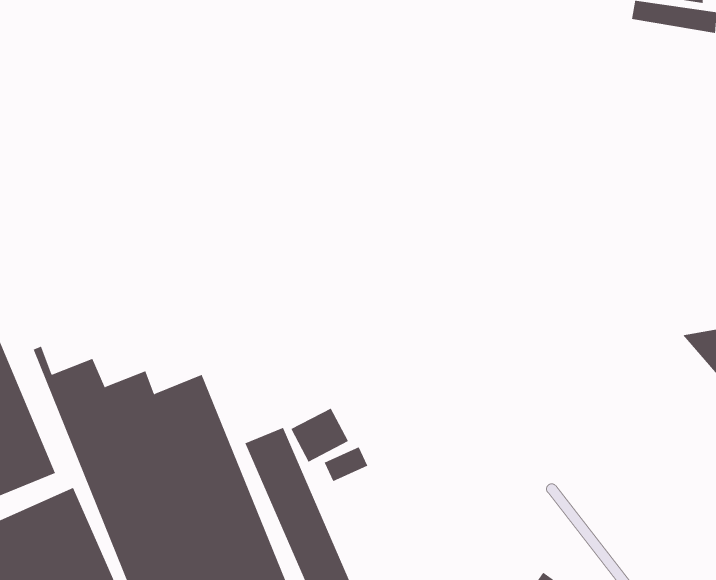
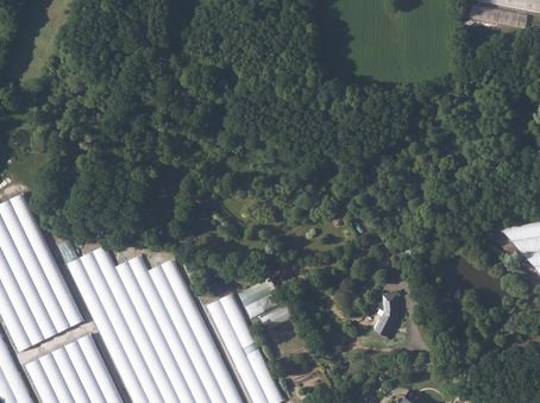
building: none -> [371,297,397,334]

